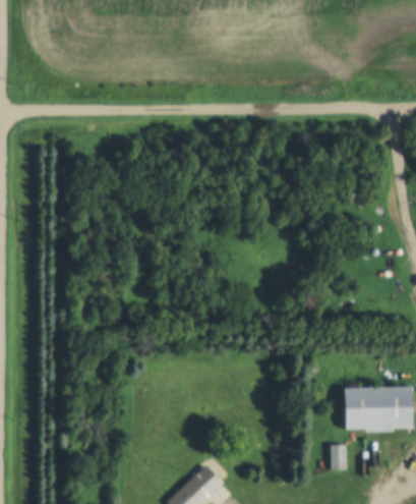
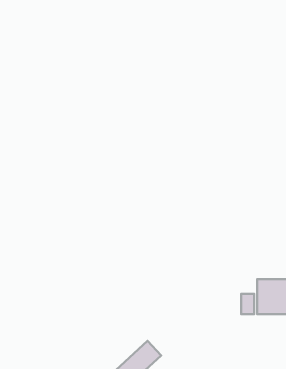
building: [331,445,347,470] -> [241,294,254,314]

